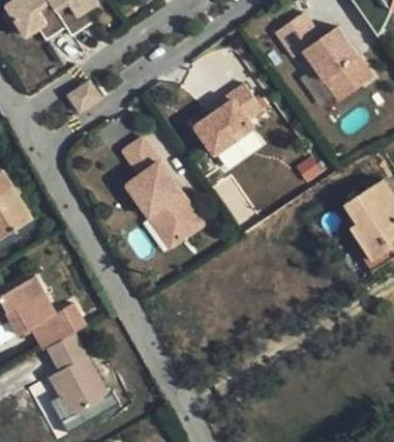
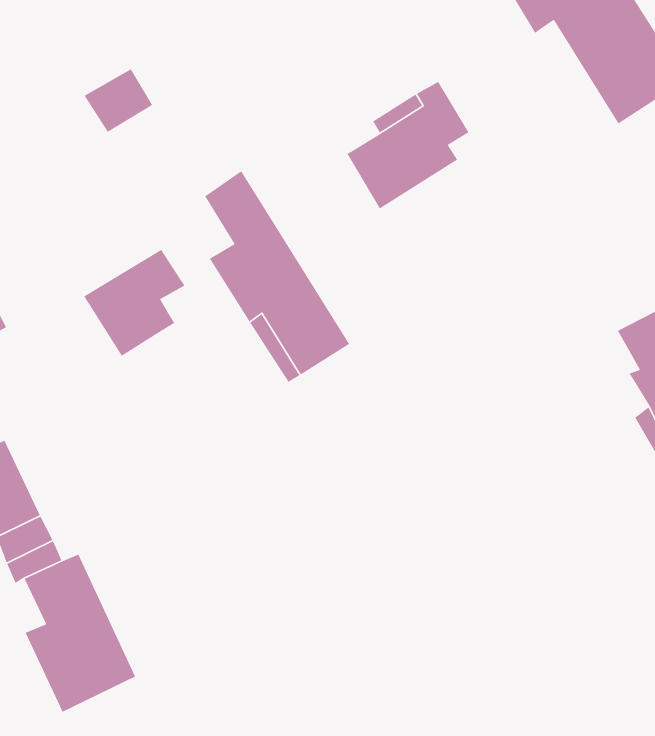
building: none -> [83,249,185,357]

